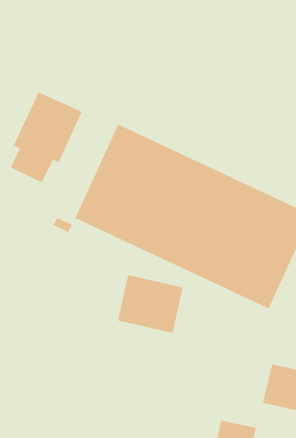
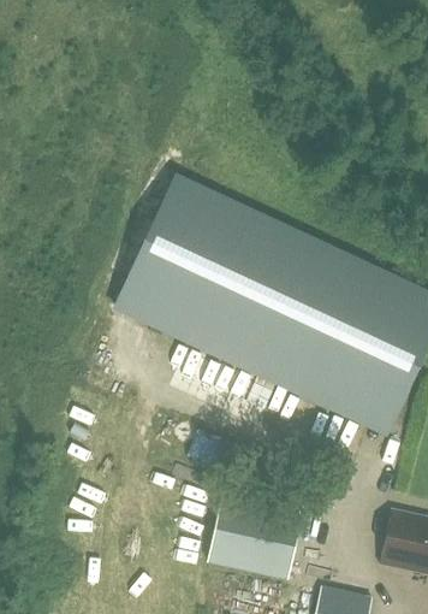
building: [10,92,83,183] -> none
building: [117,275,184,334] -> [207,497,299,579]

